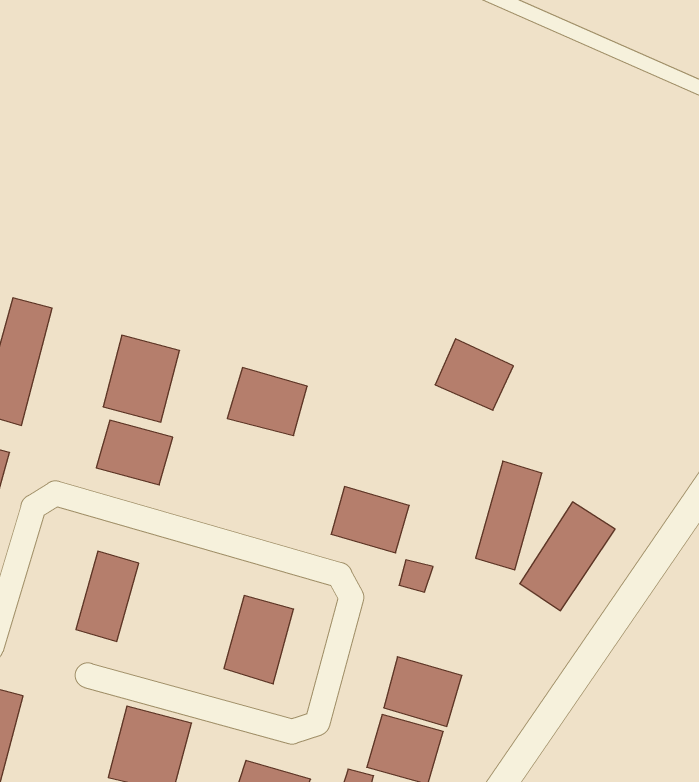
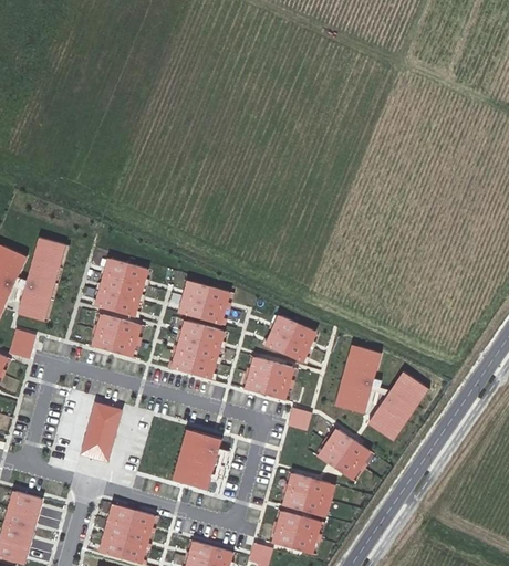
building: [435,339,513,410] -> [264,317,315,364]
building: none -> [172,323,224,380]
building: none -> [314,424,370,478]

